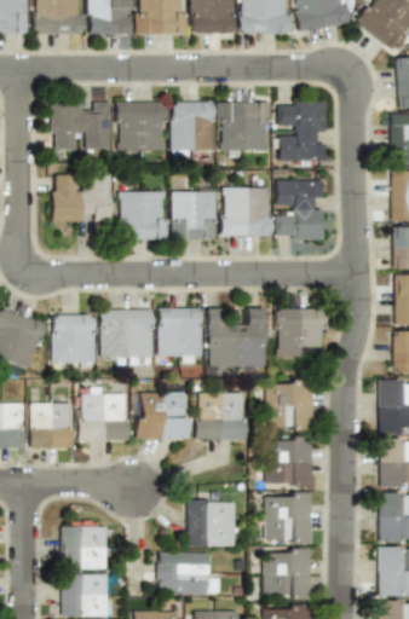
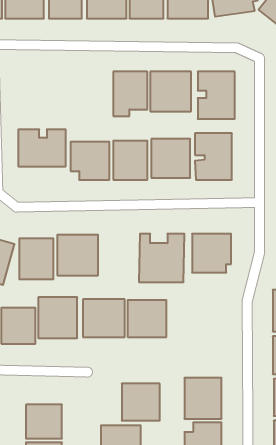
building: [52,102,113,150] -> none
building: [117,102,167,151] -> none
building: [157,308,201,363] -> none
building: [261,381,311,430] -> none
building: [264,436,311,487] -> none

